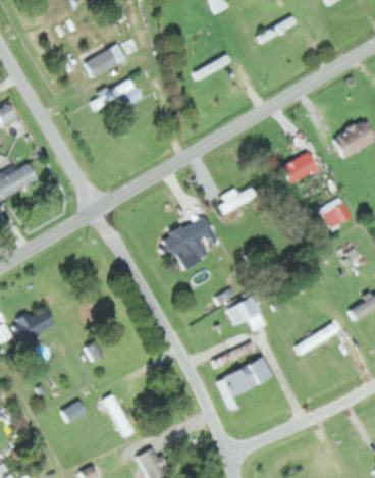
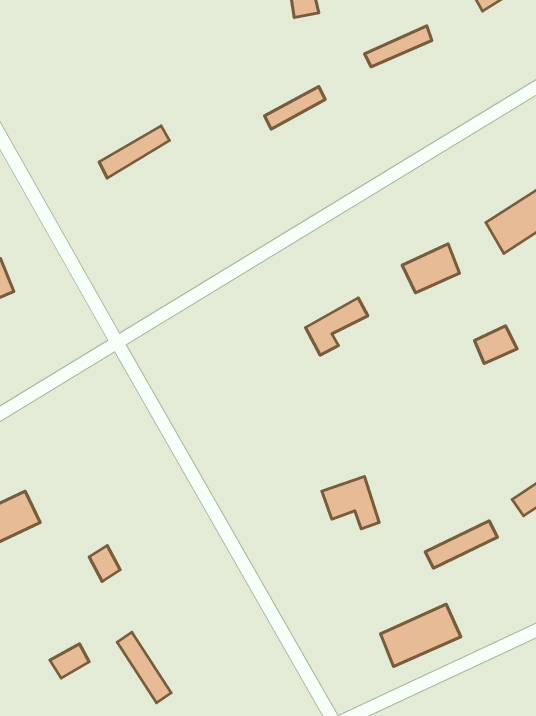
building: [84,43,126,78] -> none
building: [159,215,214,267] -> none
building: [222,357,272,395] -> [381,604,461,666]

